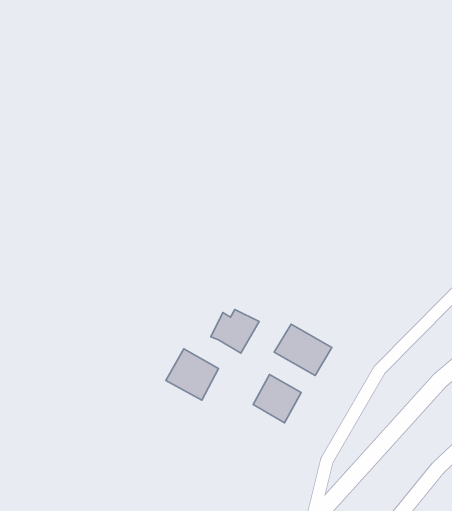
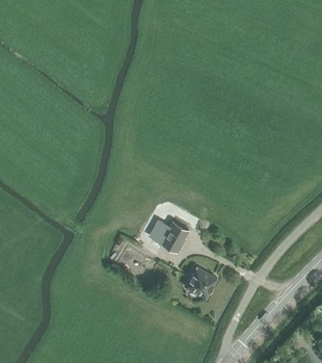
building: [274,324,332,375] -> none

